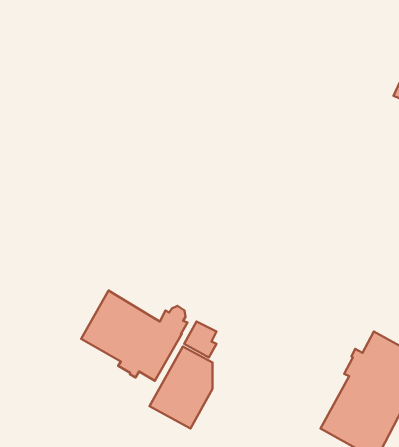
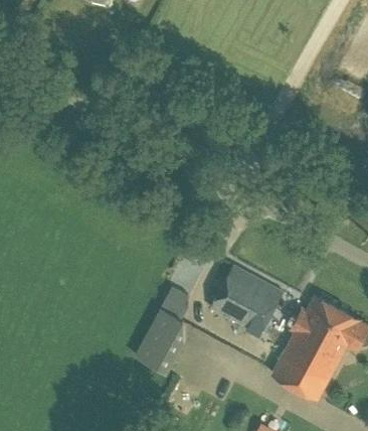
building: [81,290,188,381] -> none
building: none -> [209,266,283,338]

